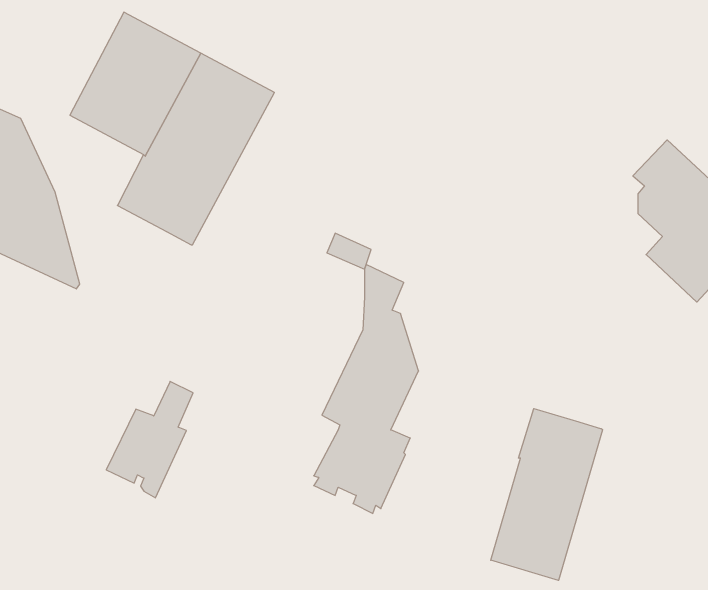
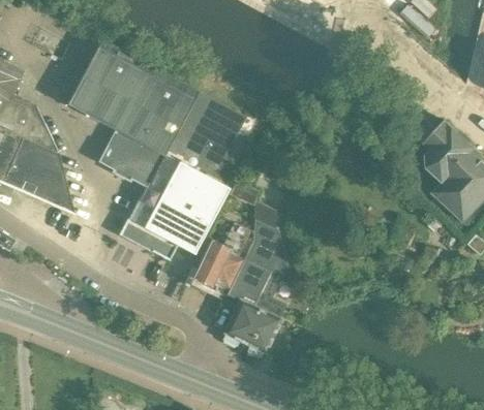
building: none -> [118,91,252,260]
building: [106,381,193,498] -> [192,223,247,296]
building: [491,409,603,580] -> none

